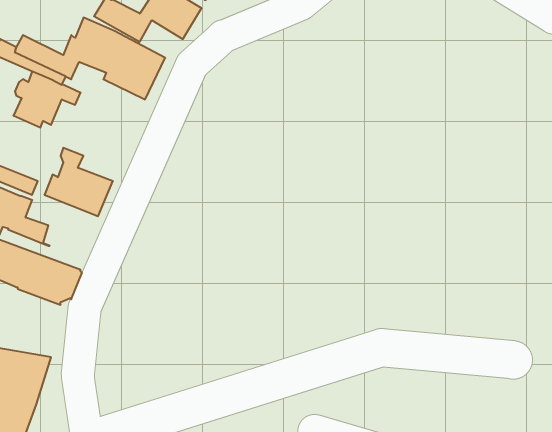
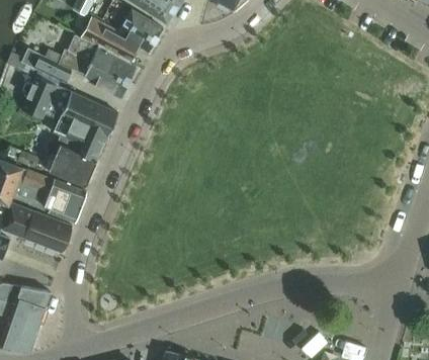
building: none -> [50,92,117,159]
building: none -> [30,173,87,222]

